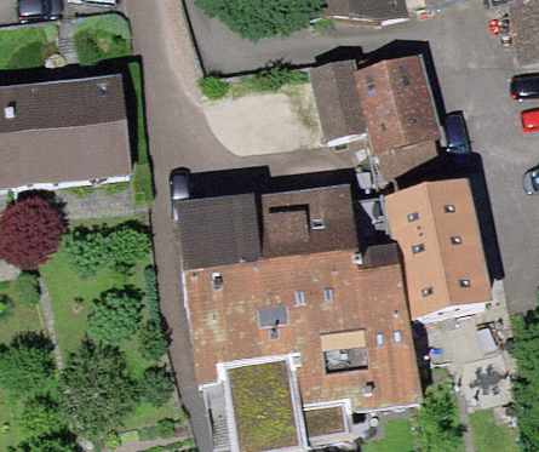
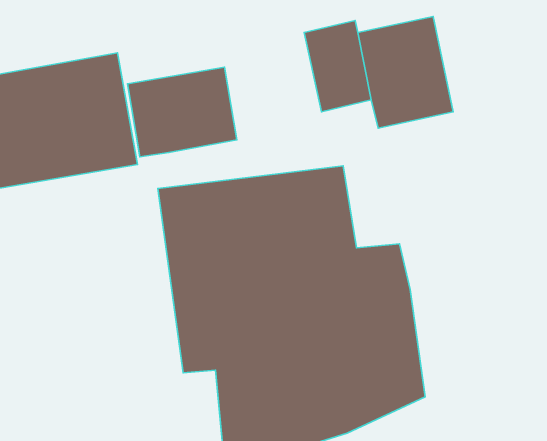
building: none -> [127,67,237,157]
building: [380,168,493,298] -> none

